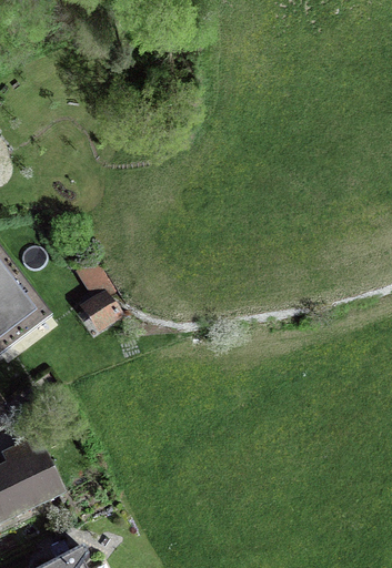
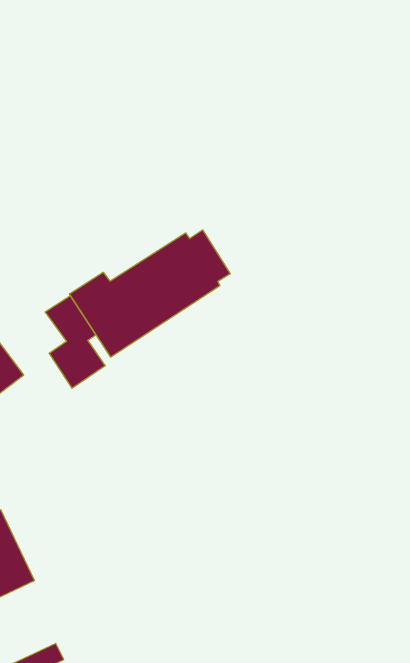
building: none -> [69,230,230,357]

